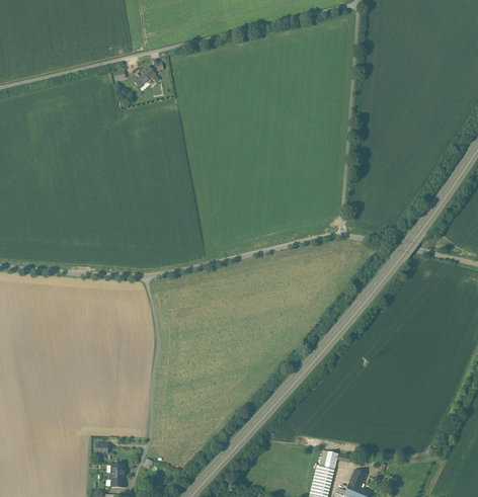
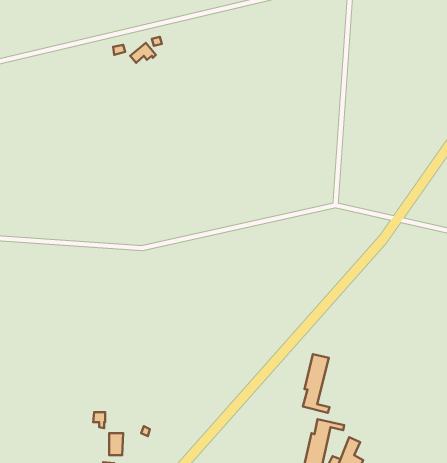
building: none -> [303,354,329,413]

